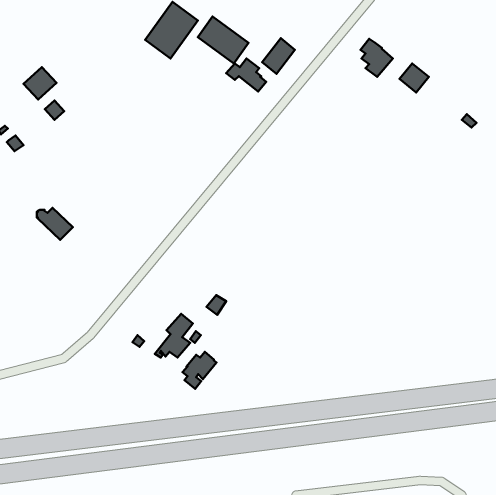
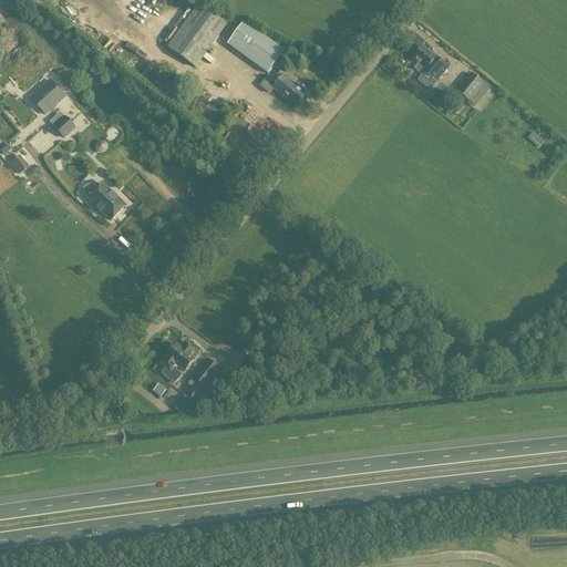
building: [262,38,295,74] -> none
building: [37,208,73,240] -> [82,182,123,218]
building: [183,352,217,389] -> [158,339,197,381]

